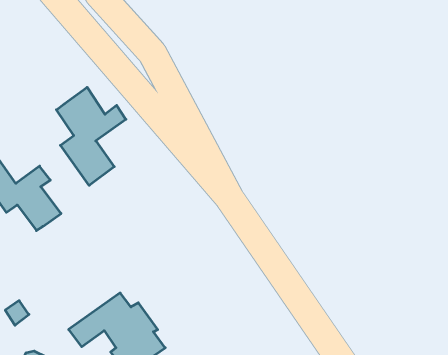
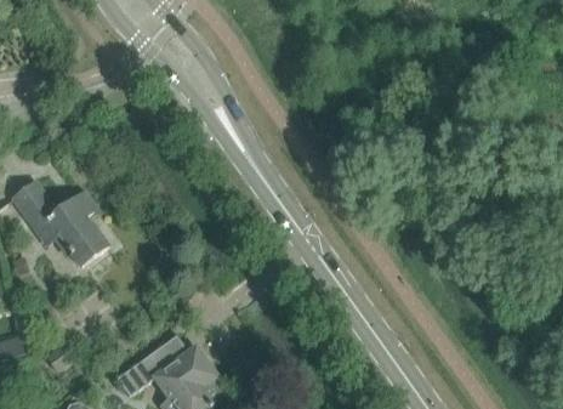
building: [56,87,126,185] -> none

